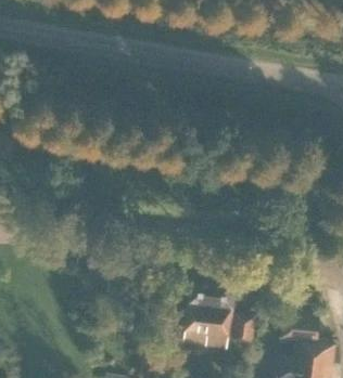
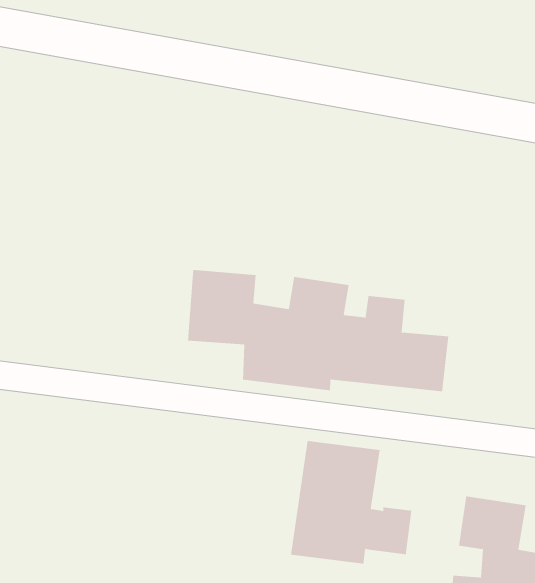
building: none -> [187,269,449,392]

